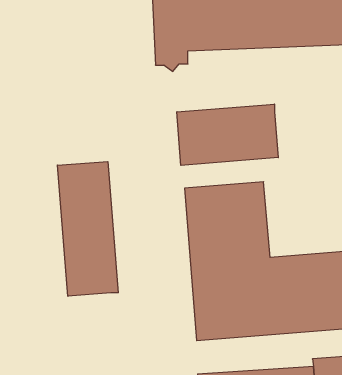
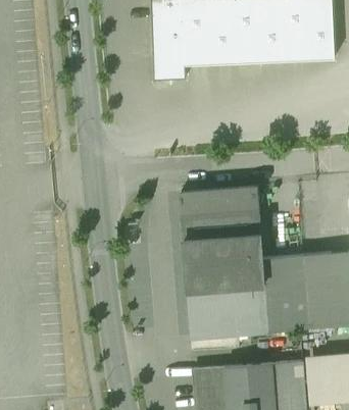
building: [177,104,278,165] -> none
building: [57,162,118,296] -> none

